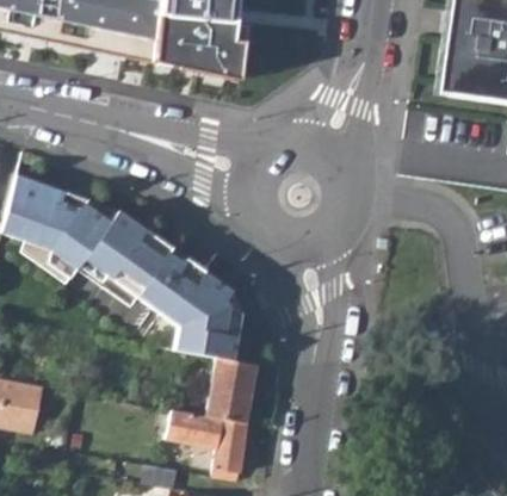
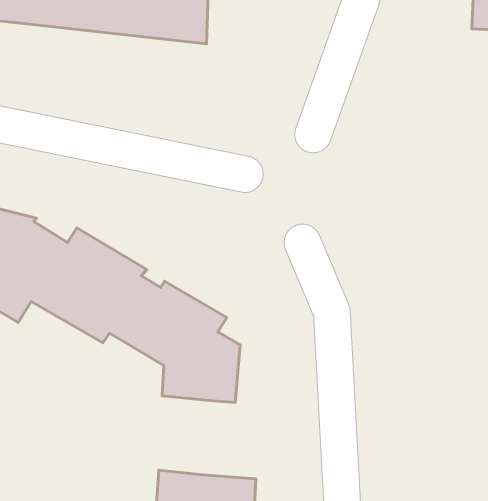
building: [205,358,256,423] -> none

